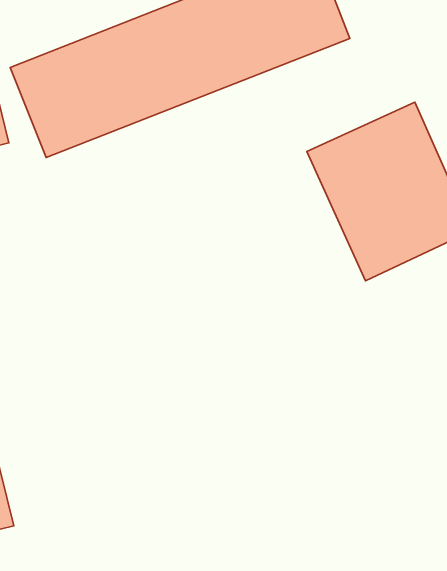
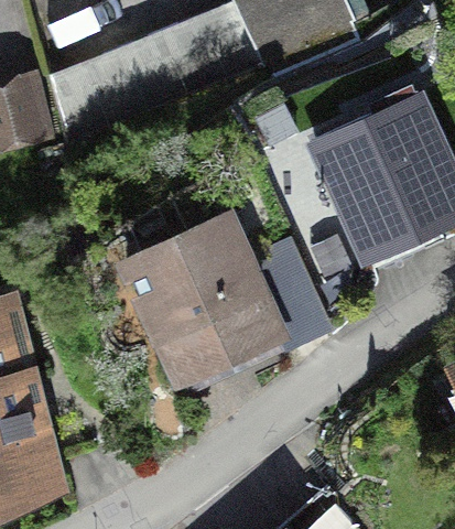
building: none -> [130,218,284,382]

